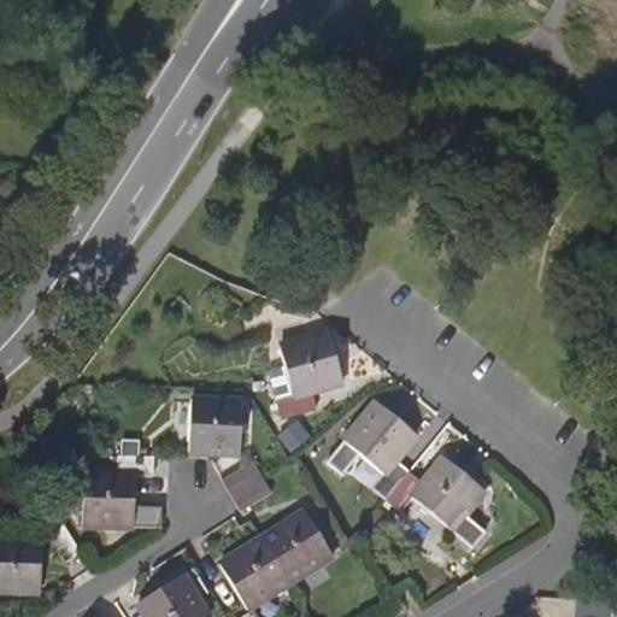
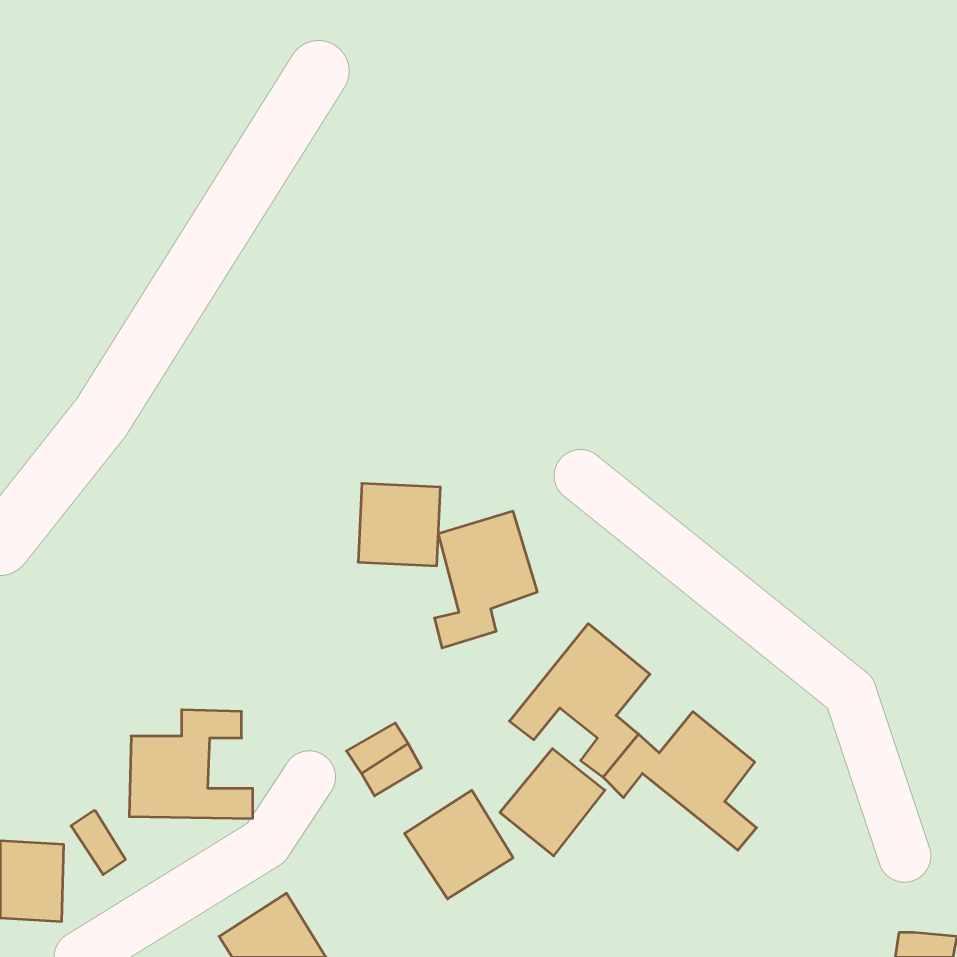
building: [189,401,242,454] -> [358,483,440,566]
building: none -> [500,749,605,856]
building: [216,536,288,606] -> none

